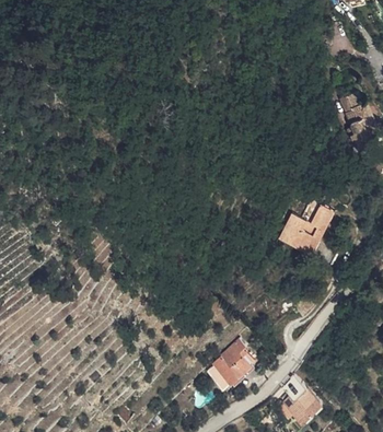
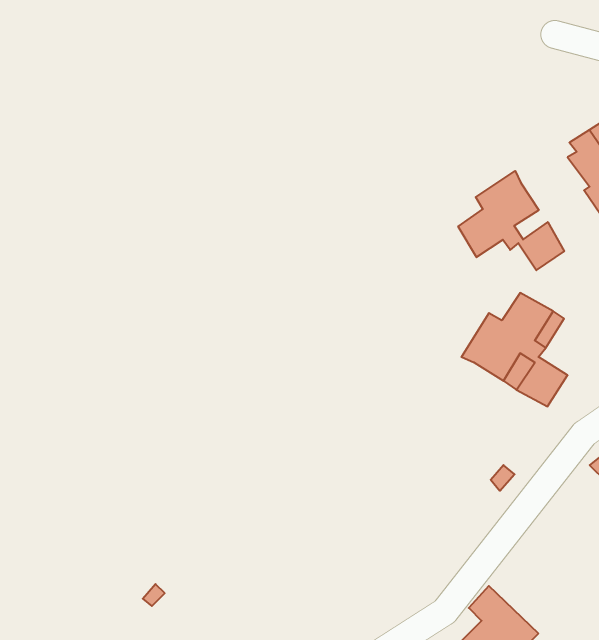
building: none -> [458,171,564,270]
building: [202,346,251,398] -> none

